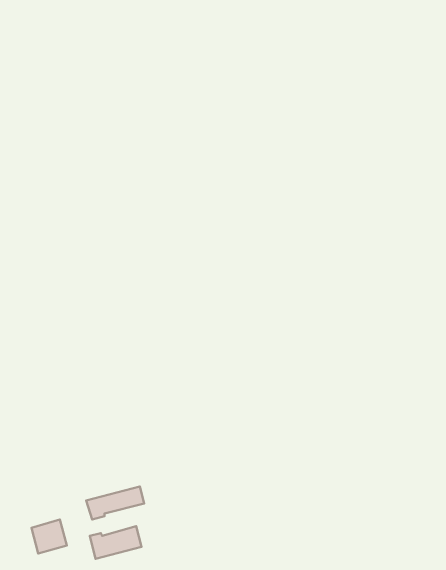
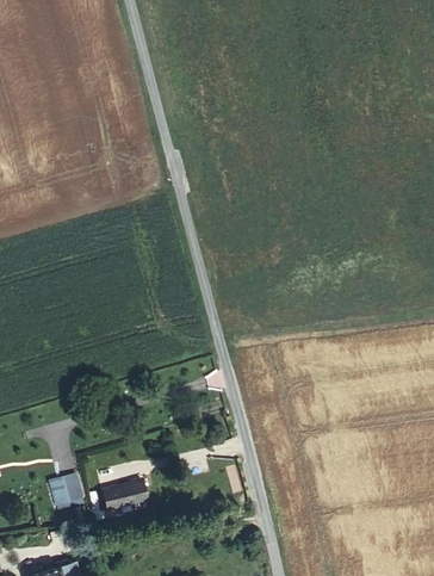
building: [86,486,144,520] -> none

